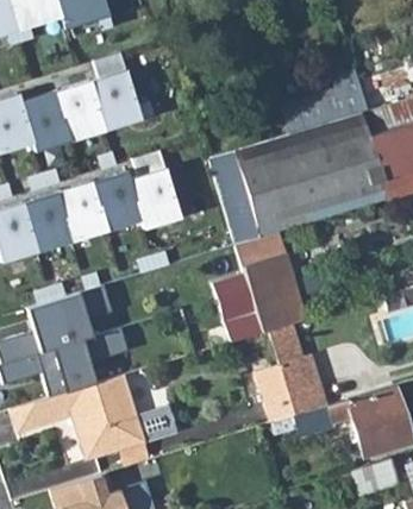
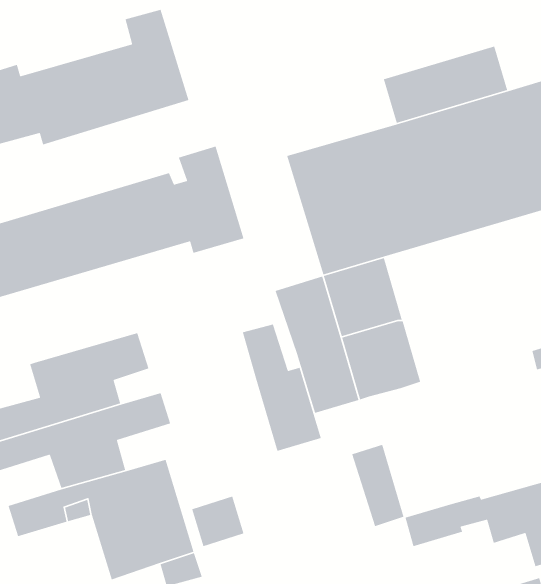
building: [270,325,327,416] -> [242,323,322,452]

